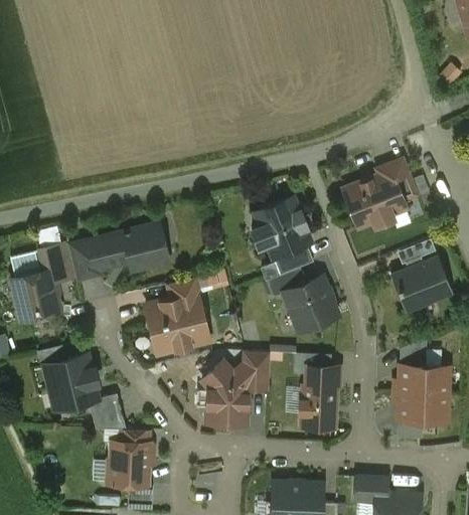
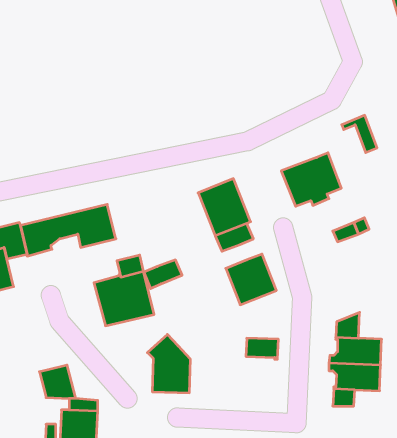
building: [377,161,415,200] -> [342,115,377,153]
building: [390,256,452,313] -> none
building: [266,268,306,298] -> [144,260,182,289]
building: [233,351,270,388] -> none
building: [50,355,97,408] -> none
building: [299,385,335,427] -> none

